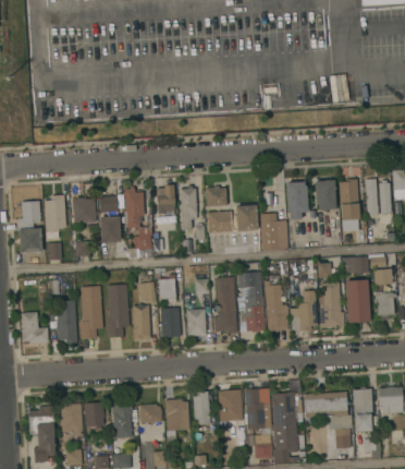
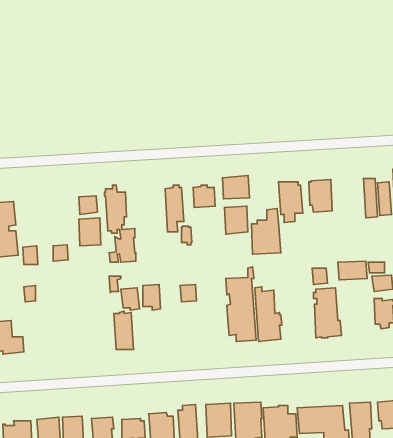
building: [339,179,359,220] -> none
building: [156,184,174,212] -> none
building: [44,195,65,239] -> none
building: [72,197,96,223] -> none
building: [207,211,232,232] -> [222,176,249,199]
building: [212,276,236,334] -> none
building: [345,279,369,323] -> none
building: [107,284,128,337] -> none
building: [79,286,102,339] -> none
building: [290,290,317,330] -> none
building: [53,300,76,344] -> none
building: [159,306,181,337] -> none
building: [186,309,206,336] -> none

